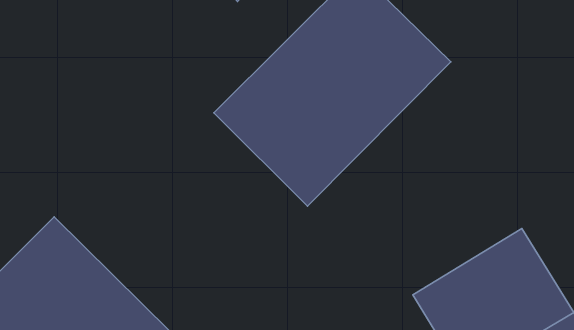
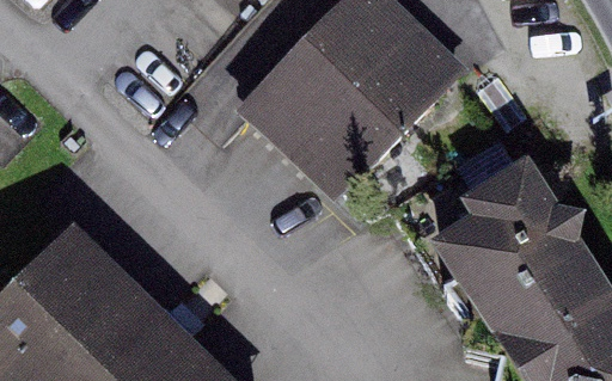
building: none -> [390,158,552,311]

